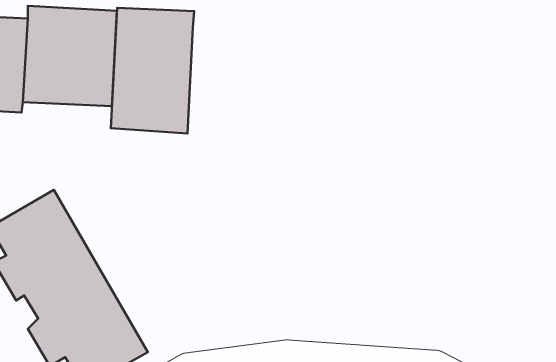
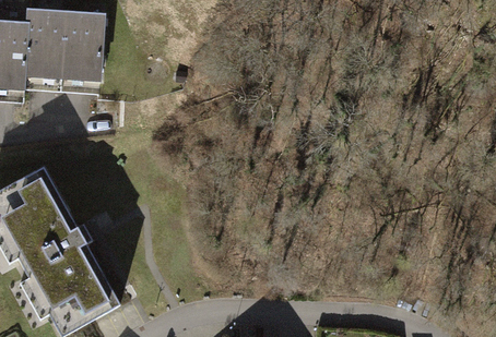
building: [111,8,194,133] -> none

